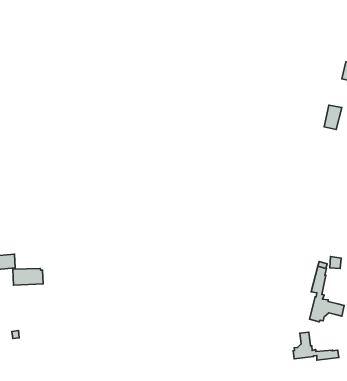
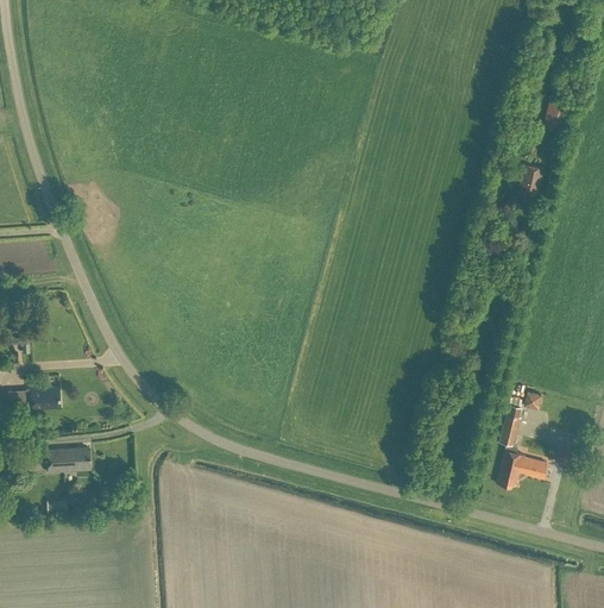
building: [13,268,43,285] -> [46,447,92,472]
building: [293,332,339,360] -> none

